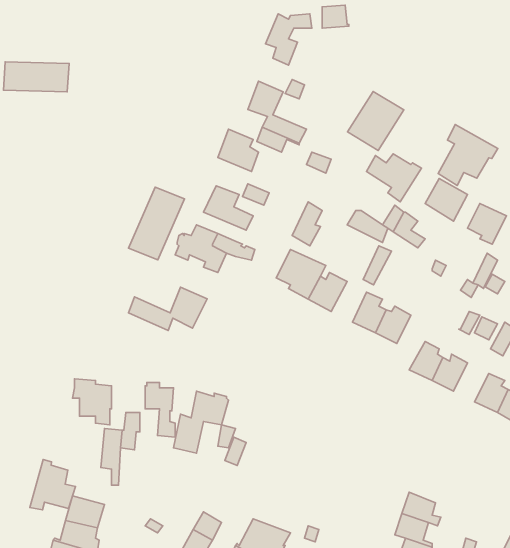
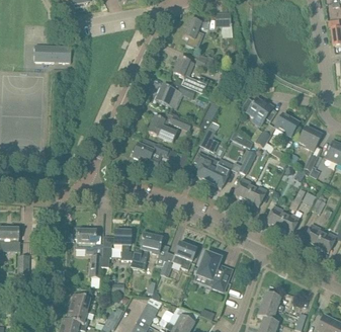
building: [348,91,404,150] -> none
building: [438,125,498,185] -> none
building: [129,187,184,260] -> none
building: [129,287,207,330] -> none
building: none -> [172,241,196,268]
building: none -> [195,250,231,289]
building: [30,459,75,510] -> none

